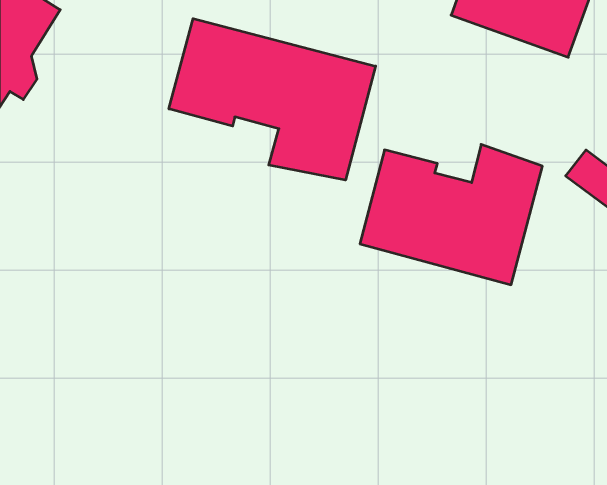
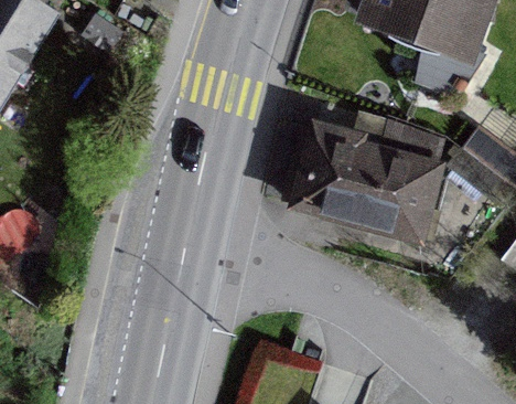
building: [169,19,376,180] -> none

